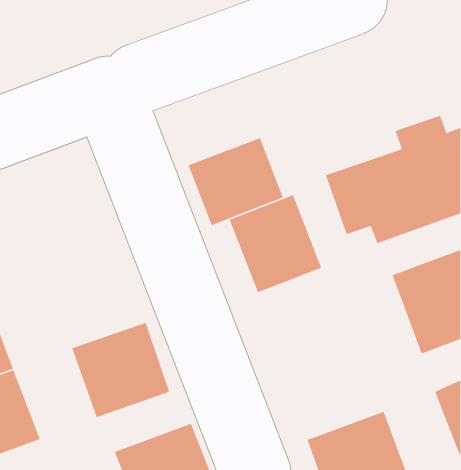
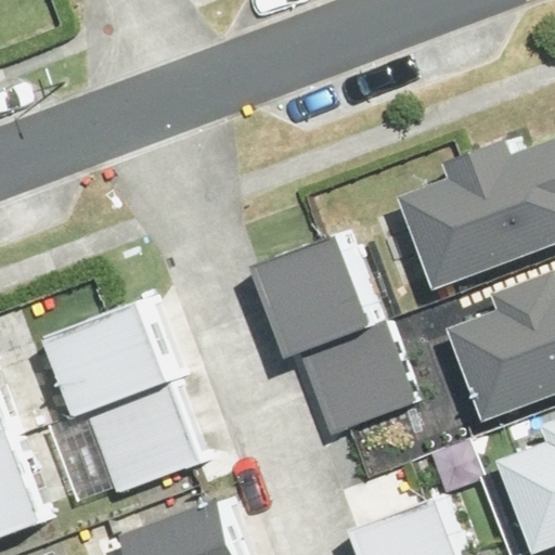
building: [187,137,284,226] -> none
building: none -> [53,289,180,411]
building: none -> [301,318,412,434]

